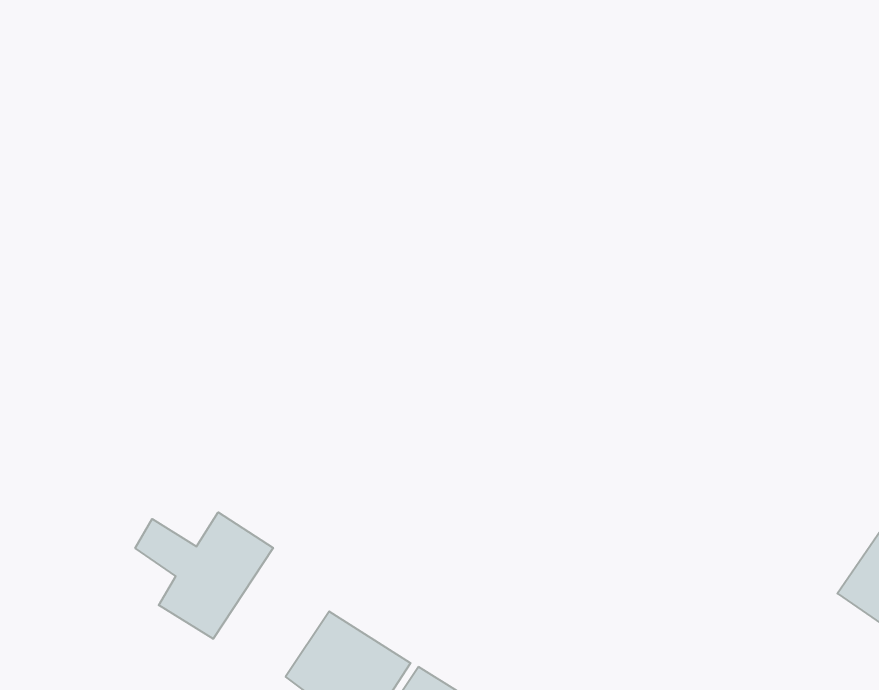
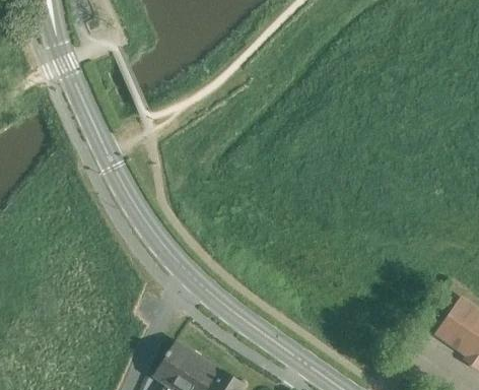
building: [135,512,273,639] -> none

